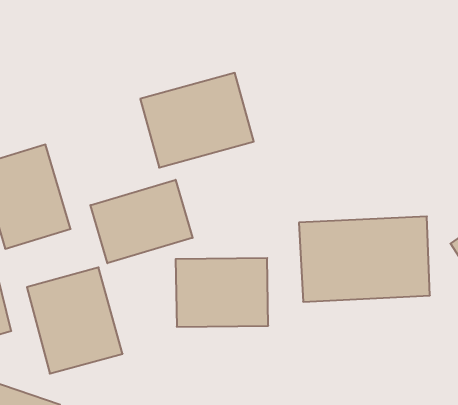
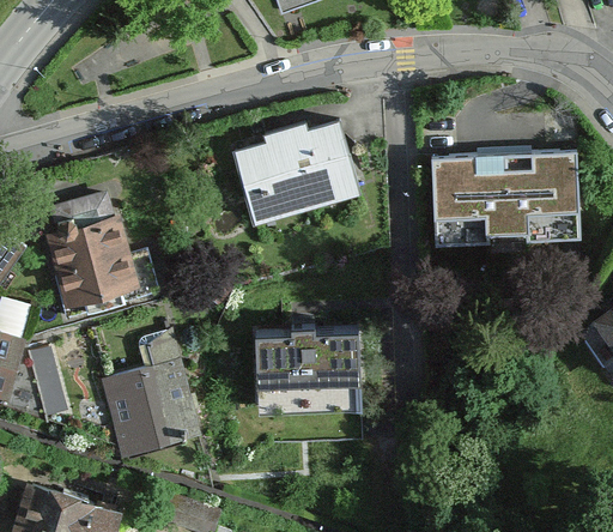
building: [90,180,193,263] -> none
building: [299,216,430,302] -> [430,152,581,250]

